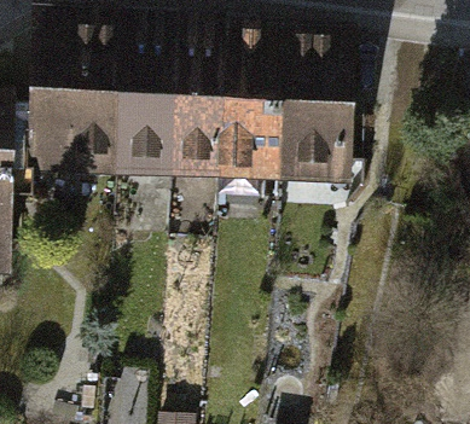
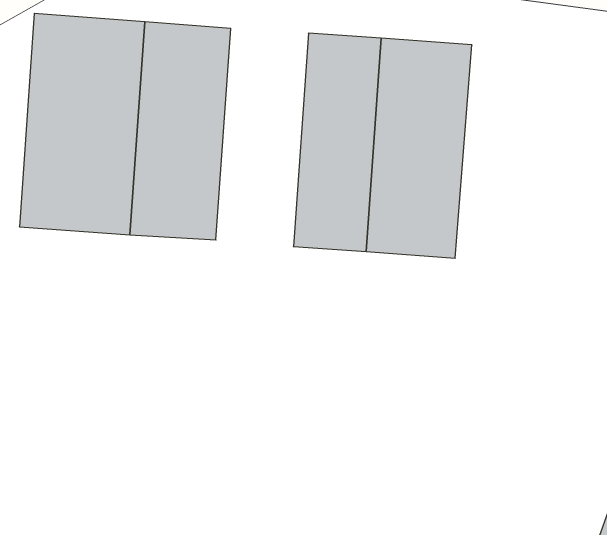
building: [176,23,244,182] -> none

